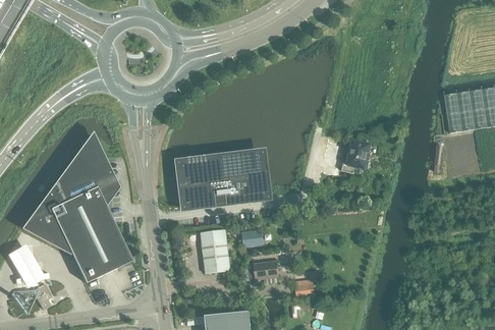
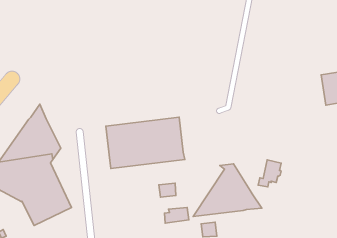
building: [341,140,370,173] -> [258,160,281,187]
building: none -> [193,164,262,216]
building: [201,229,230,273] -> none

